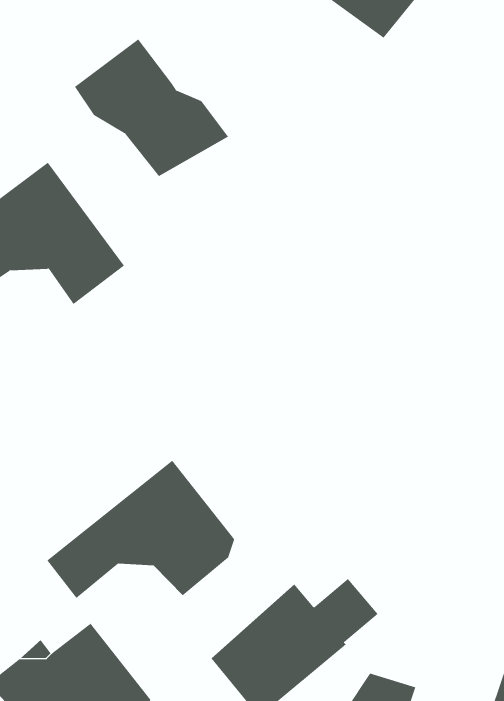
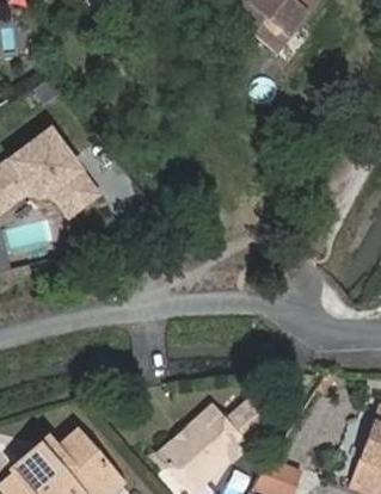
building: [74,38,229,177] -> none
building: [46,460,235,599] -> none

